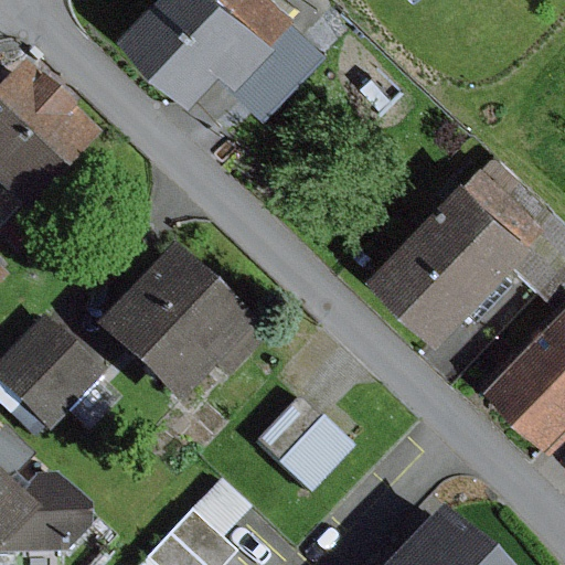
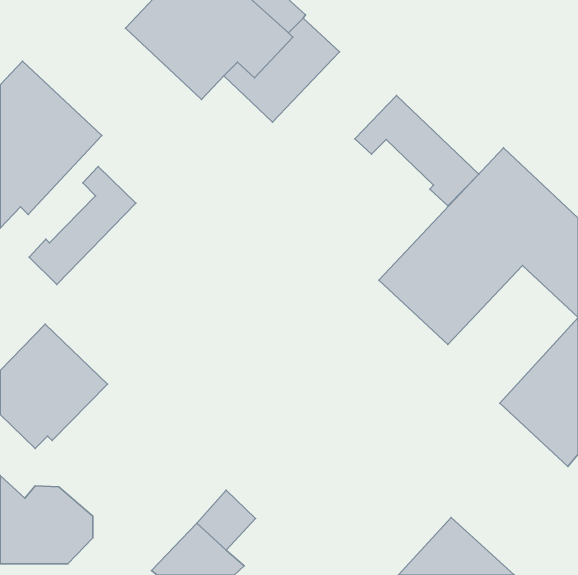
building: none -> [355,96,479,206]
building: none -> [29,167,136,284]
building: [96,244,264,404] -> none
building: [255,396,354,493] -> none

